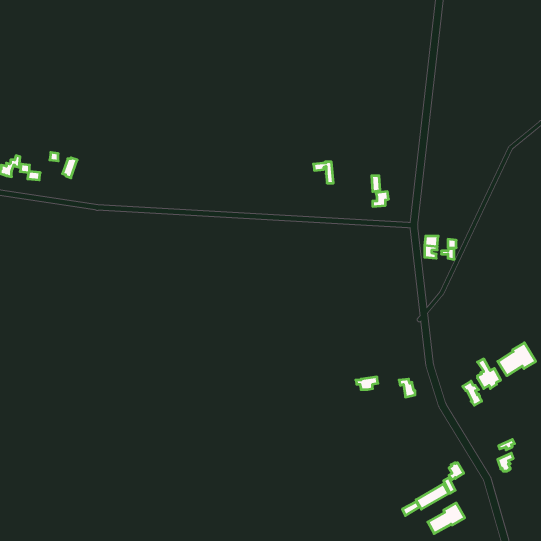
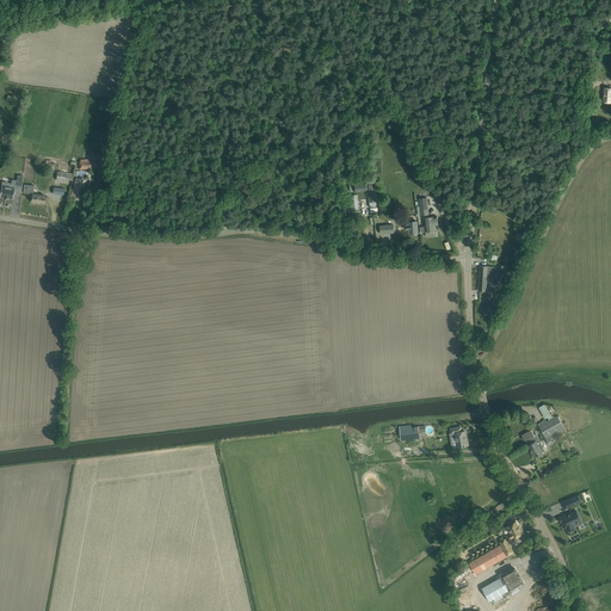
building: [498,343,536,376] -> none

